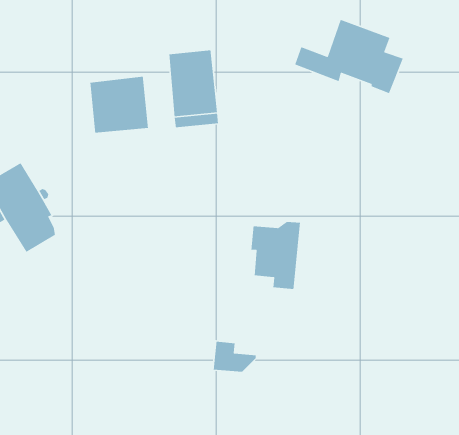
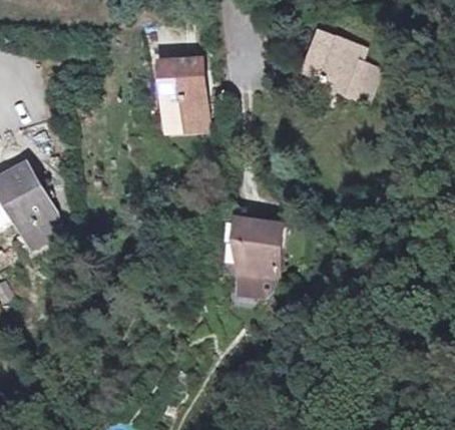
building: [89,76,149,134] -> none
building: [213,341,256,372] -> [237,266,277,295]

